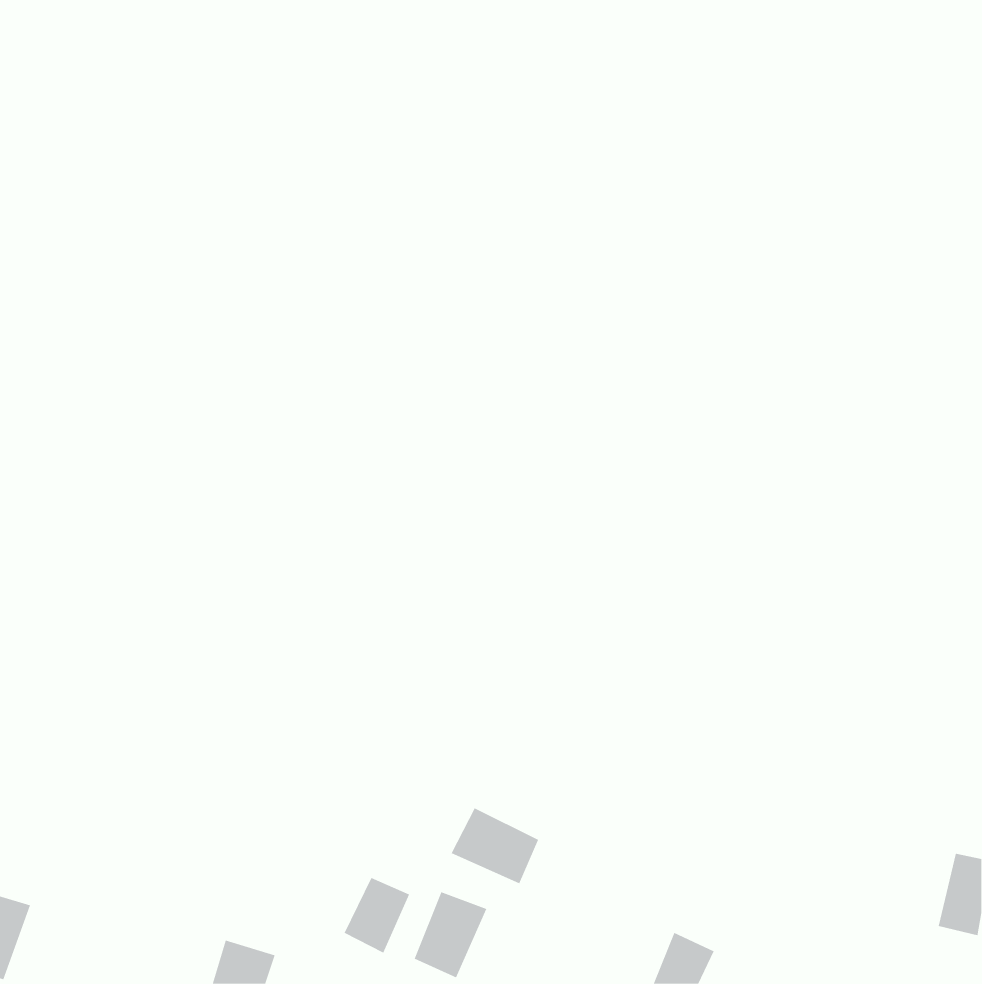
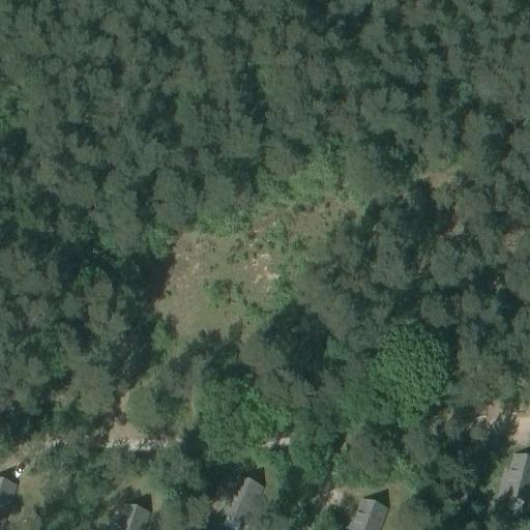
building: [451,808,539,884] -> none
building: [344,877,410,953] -> none

